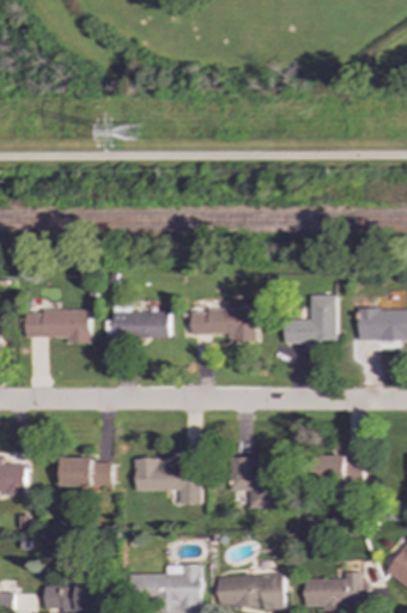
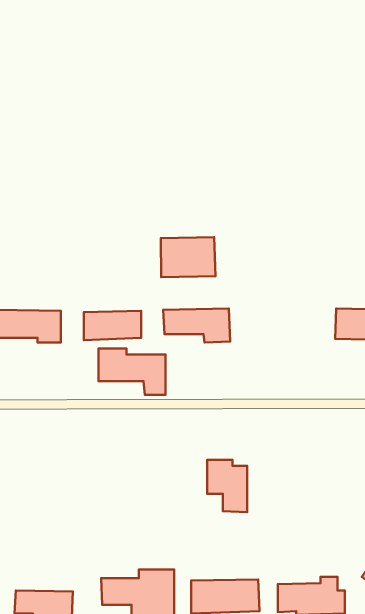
building: none -> [161,237,215,277]
building: [284,295,336,341] -> none
building: [322,454,363,484] -> none
building: [60,456,110,485] -> none
building: [133,457,199,503] -> [98,348,166,395]

